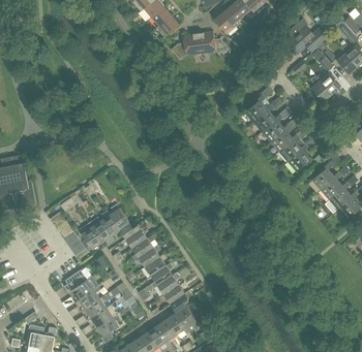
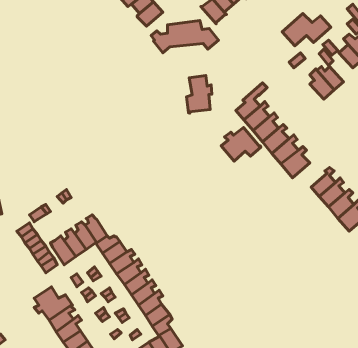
building: none -> [186,76,212,113]
building: none -> [221,127,261,161]

